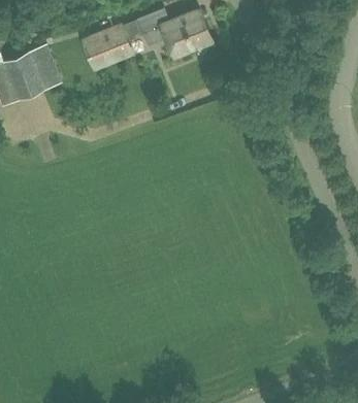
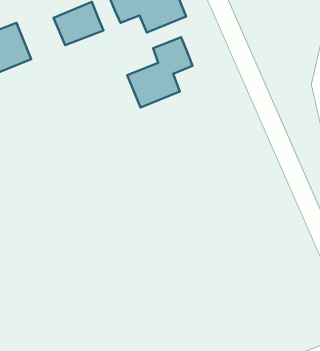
building: none -> [127,37,192,108]

